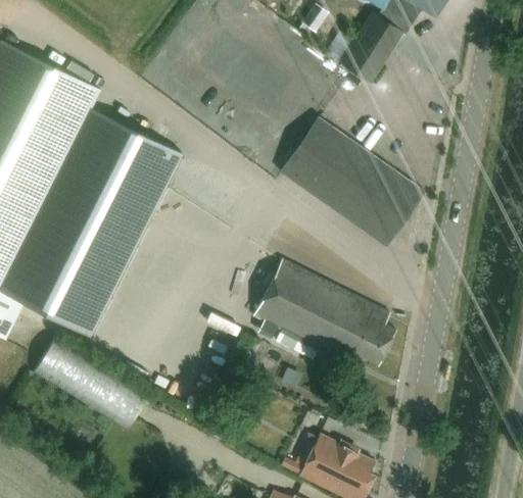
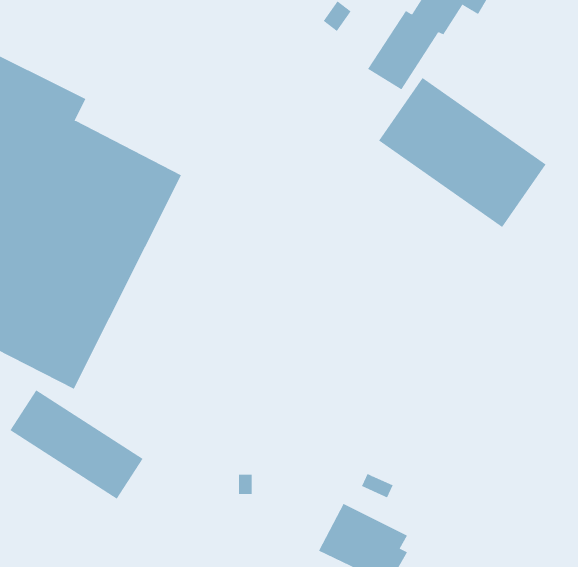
building: [280,117,424,246] -> [378,77,547,228]
building: [253,259,395,363] -> none

